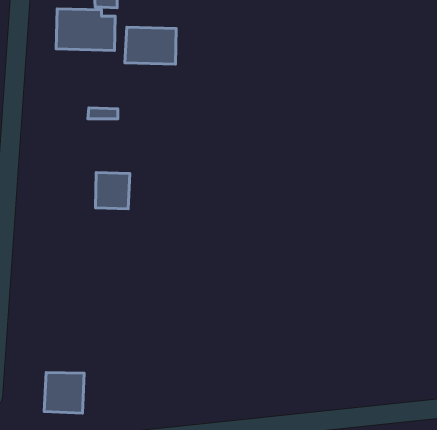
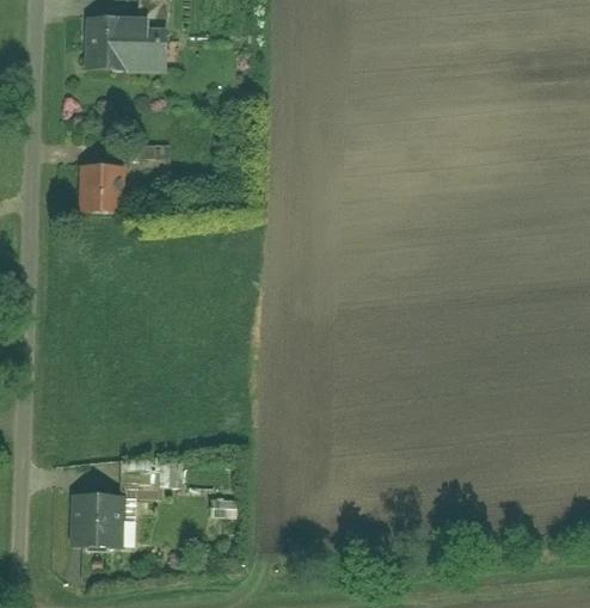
building: [125,27,176,64] -> none
building: [95,172,130,209] -> [78,165,123,213]

